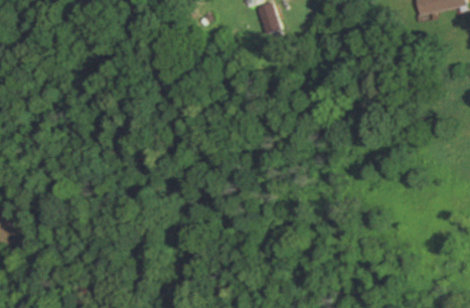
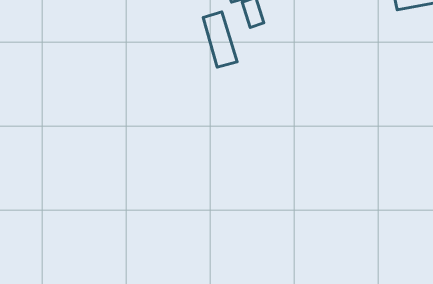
building: none -> [203,12,237,67]

